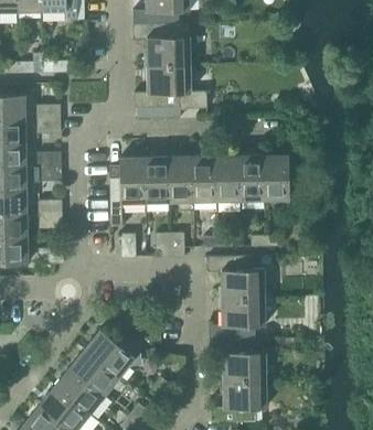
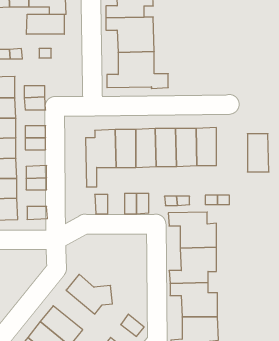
building: none -> [26,14,64,34]
building: [264,155,289,201] -> [247,134,269,172]
building: [70,348,119,396] -> none

